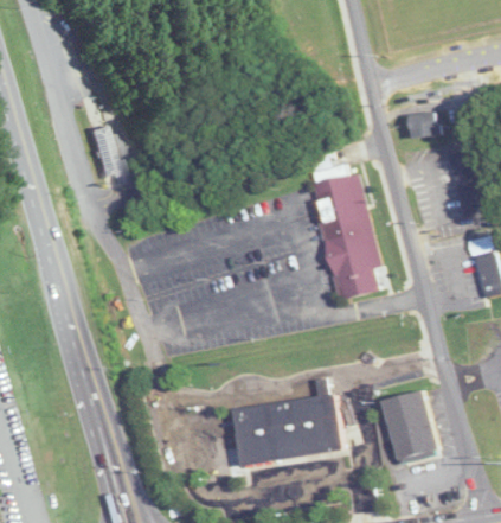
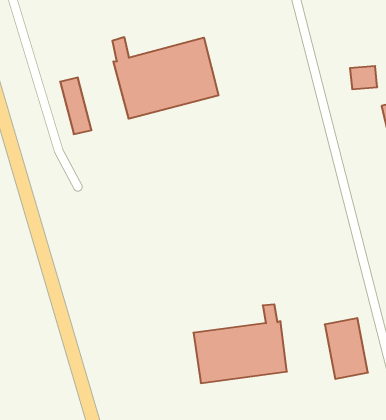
building: none -> [112,37,218,119]
building: [308,172,378,304] -> none

